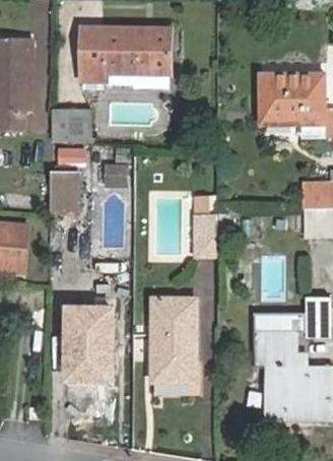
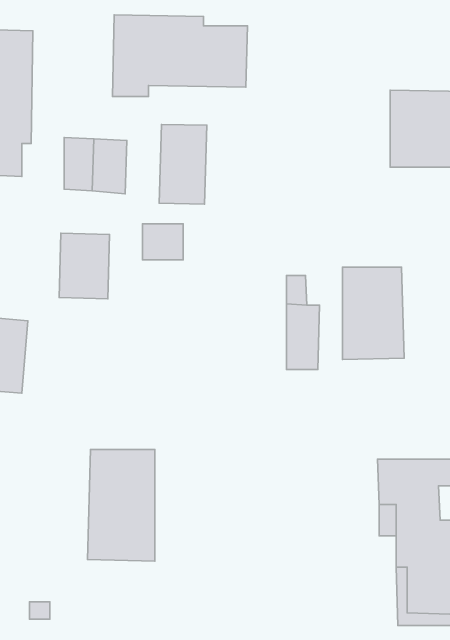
building: none -> [159,124,207,204]
building: none -> [342,267,404,359]
building: [151,299,195,381] -> none

